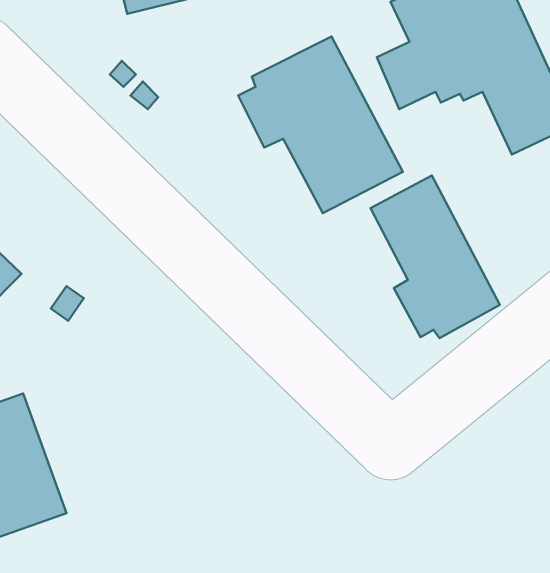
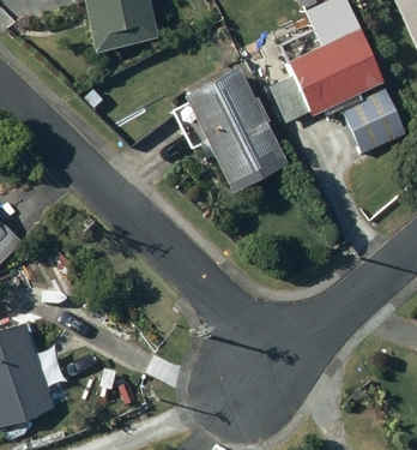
building: [371,176,500,338] -> none

